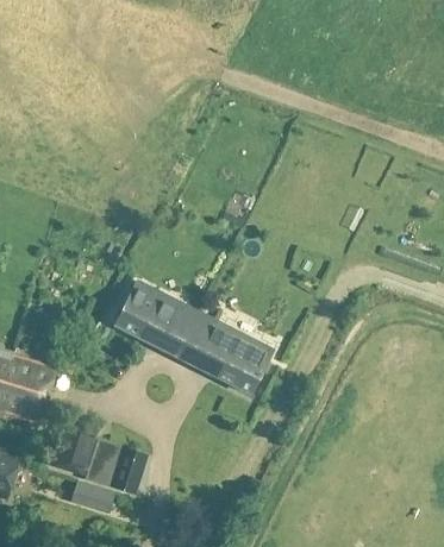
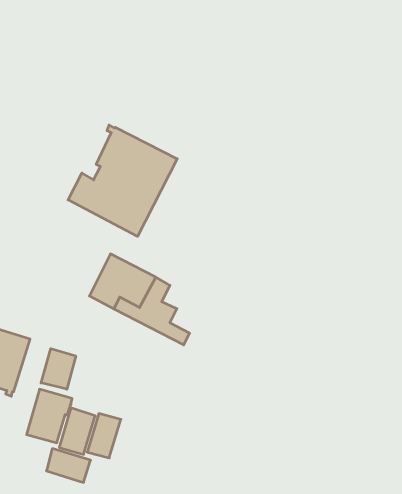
building: none -> [68,125,177,236]
building: [189,313,273,392] -> none
building: none -> [41,349,76,389]

